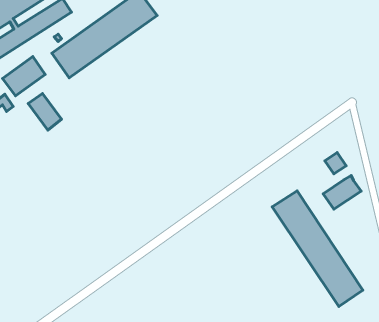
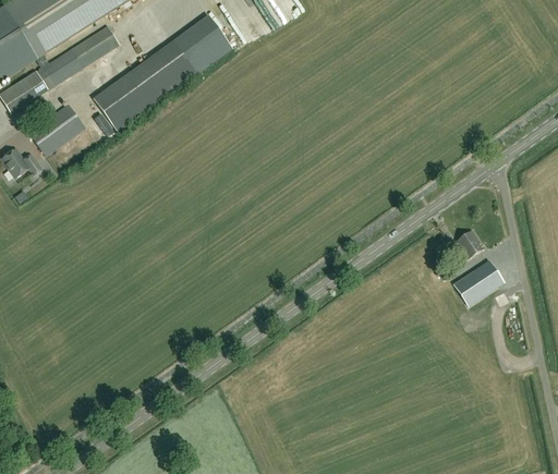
building: [28,93,62,130] -> none
building: [272,191,363,307] -> none

